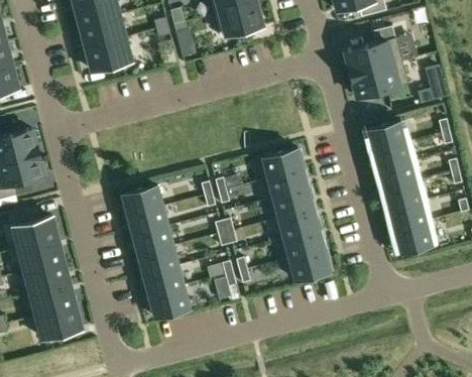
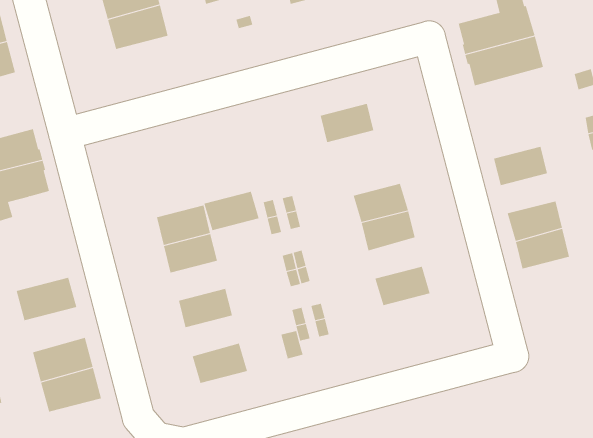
building: [365,121,406,151] -> none
building: [262,149,303,178] -> [320,103,374,143]
building: [376,162,418,192] -> none
building: [278,210,319,240] -> none
building: [12,216,57,249] -> none
building: [392,224,434,253] -> none
building: [132,227,173,256] -> [204,191,260,231]
building: [289,251,330,280] -> none
building: [24,261,70,294] -> none
building: [143,267,184,297] -> none

